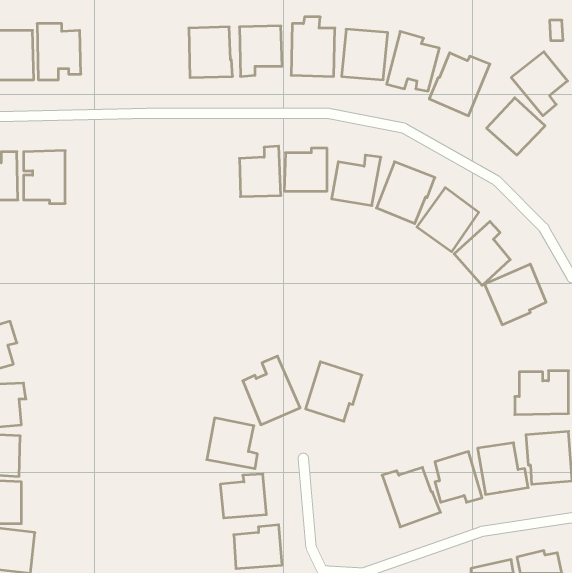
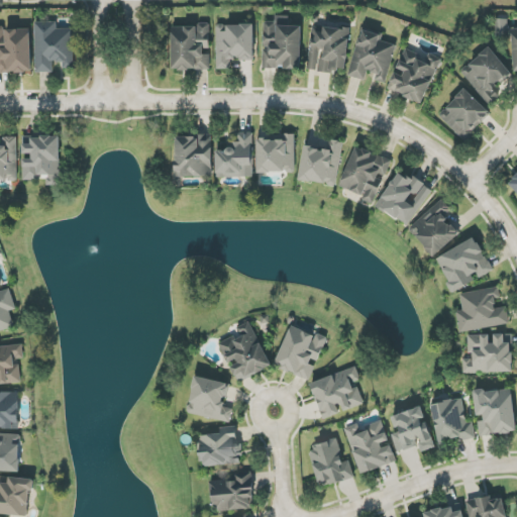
building: none -> [174,134,211,176]
building: none -> [454,286,508,332]
building: none -> [310,367,363,418]
building: none -> [308,437,353,487]

